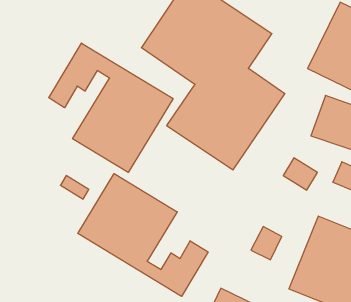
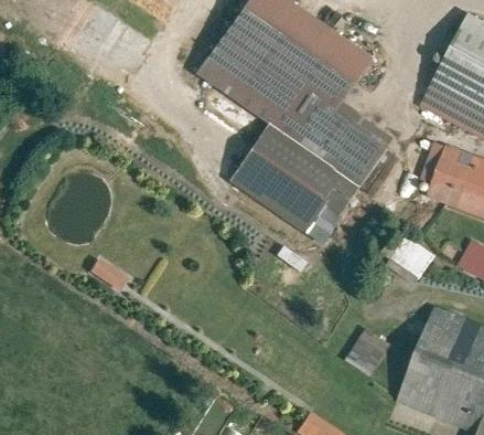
building: [49,43,173,172] -> none
building: [78,174,208,296] -> none

